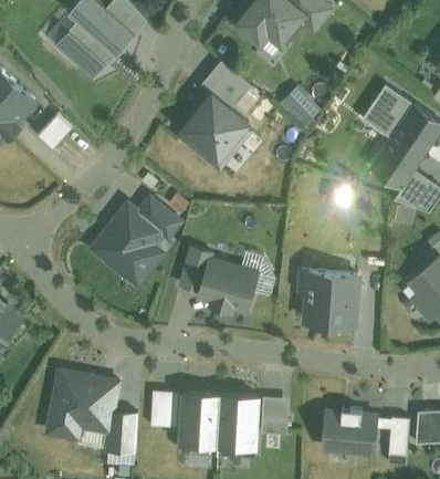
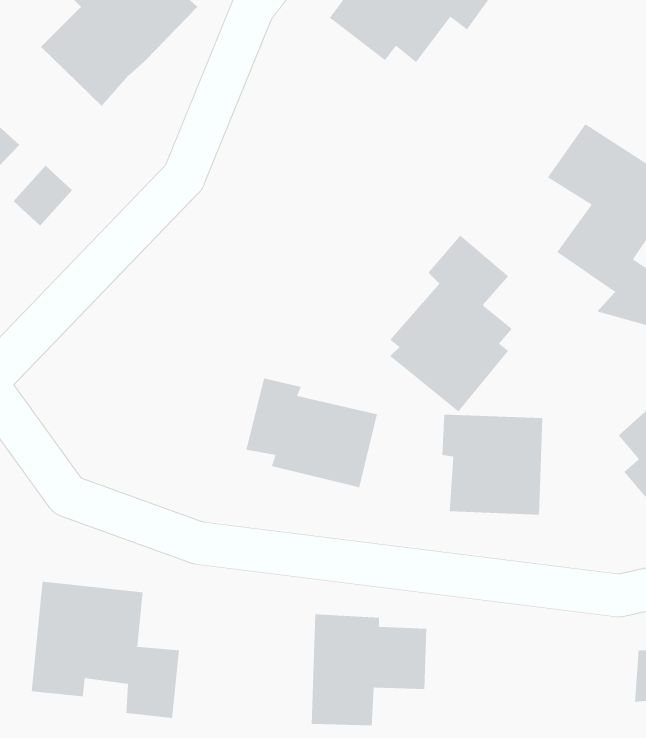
building: [179,62,254,170] -> [389,234,513,412]
building: [281,90,318,127] -> none
building: [88,198,185,291] -> none
building: [153,388,221,457] -> none
building: [322,403,410,457] -> none

